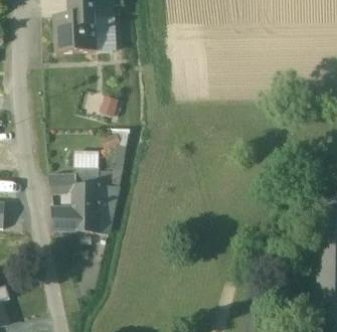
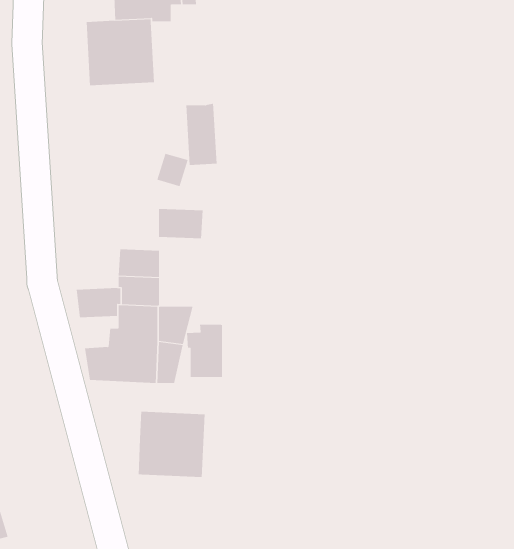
building: [95,13,114,50] -> [185,103,217,166]
building: none -> [187,324,223,378]
building: none -> [138,411,205,478]

